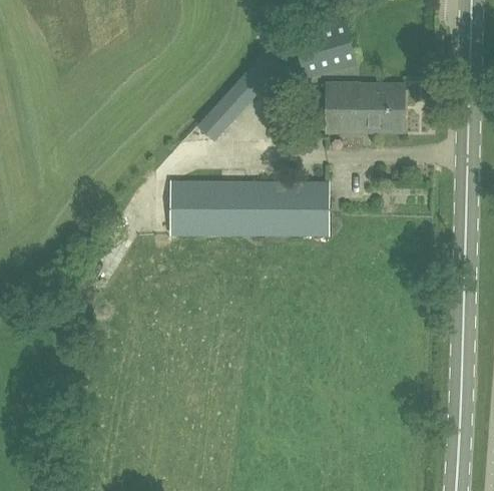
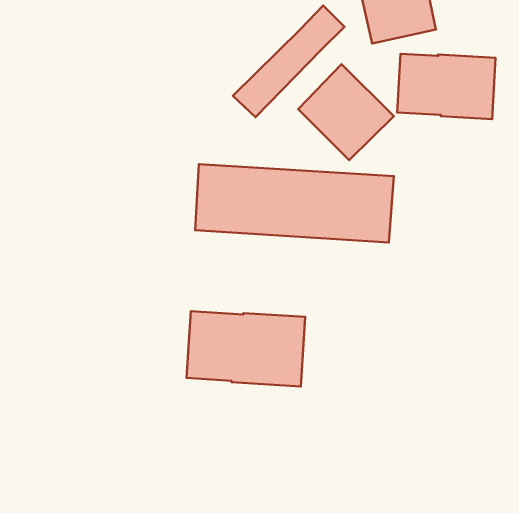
building: none -> [298,64,394,160]
building: none -> [187,311,305,386]

